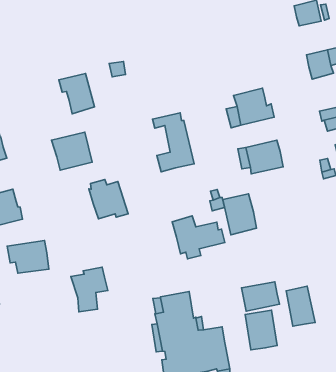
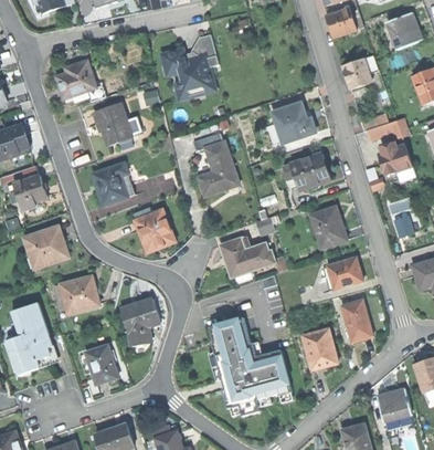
building: none -> [160,34,216,98]
building: none -> [53,54,94,92]
building: [223,194,256,235] -> [310,206,347,249]
building: [242,282,279,311] -> [324,260,363,292]
building: none -> [85,345,118,384]

